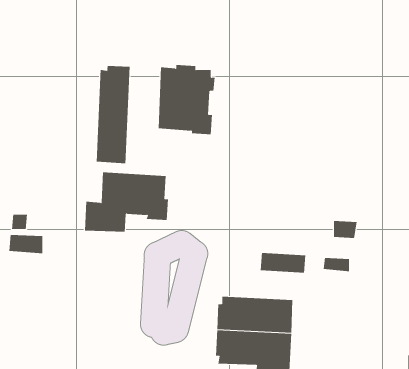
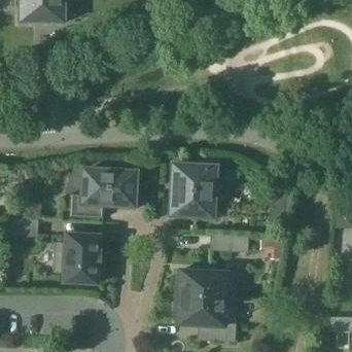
building: [158,64,215,135] -> [172,163,218,219]
building: [96,65,130,164] -> none
building: none -> [55,234,100,284]

